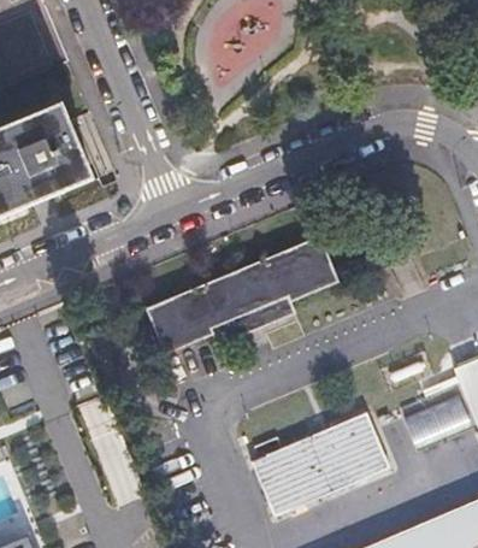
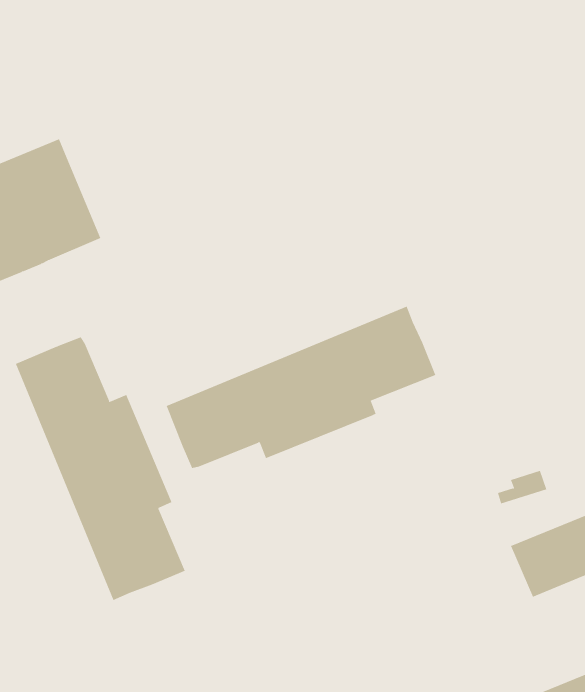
building: none -> [15,336,186,601]
building: [255,413,391,515] -> none

